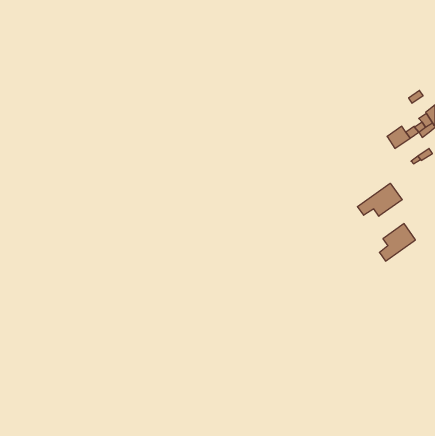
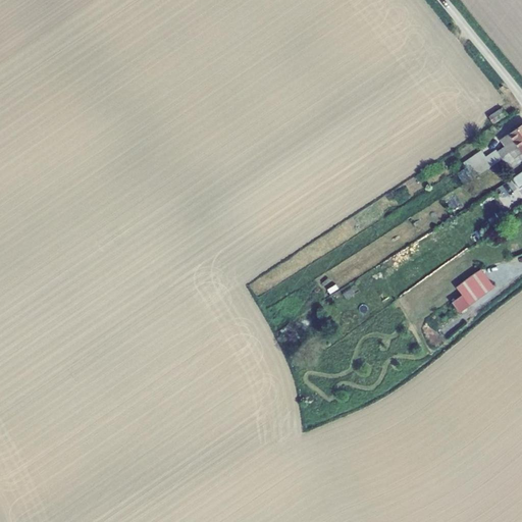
building: [357,183,402,216] -> none

